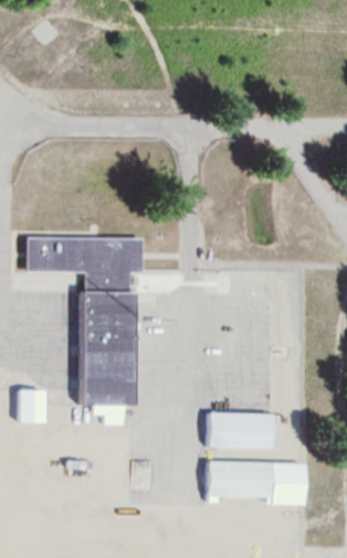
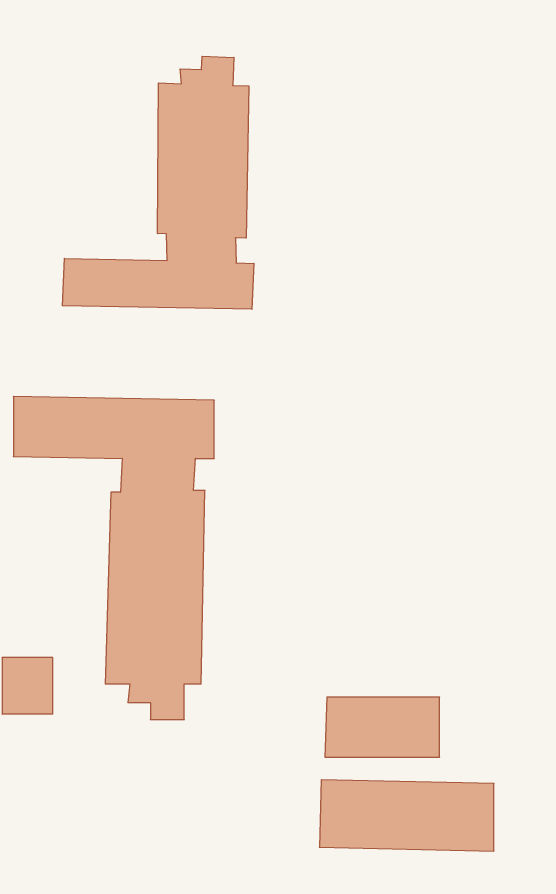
building: none -> [62,56,254,309]

